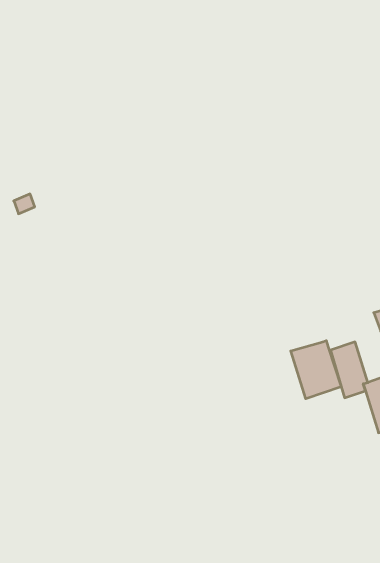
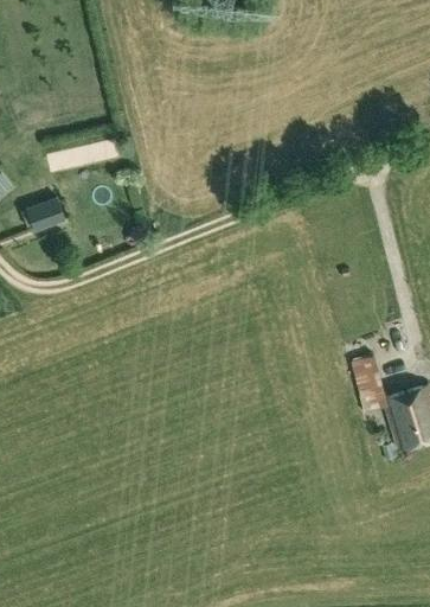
building: [291,341,341,399] -> none

